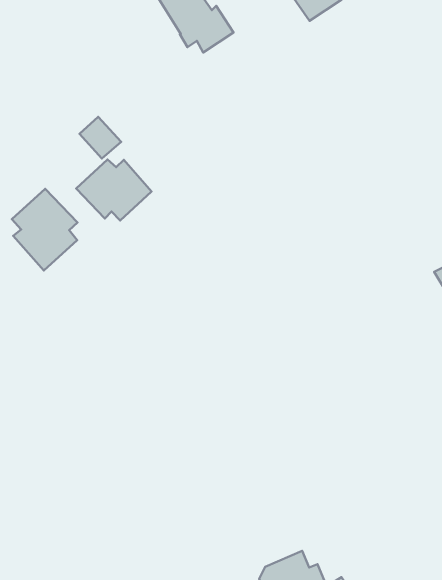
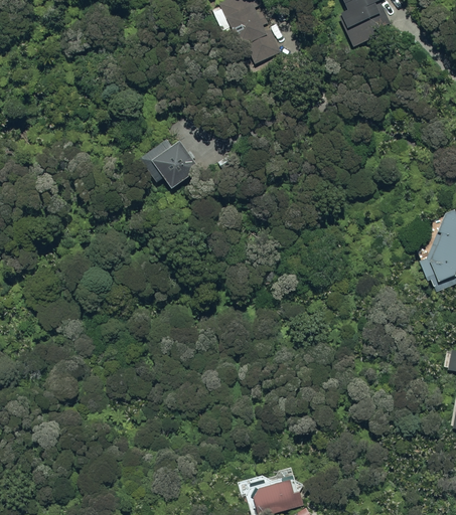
building: [80,117,121,159] -> none
building: [12,189,77,271] -> none

